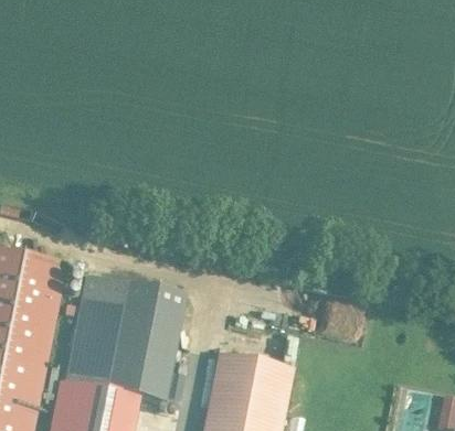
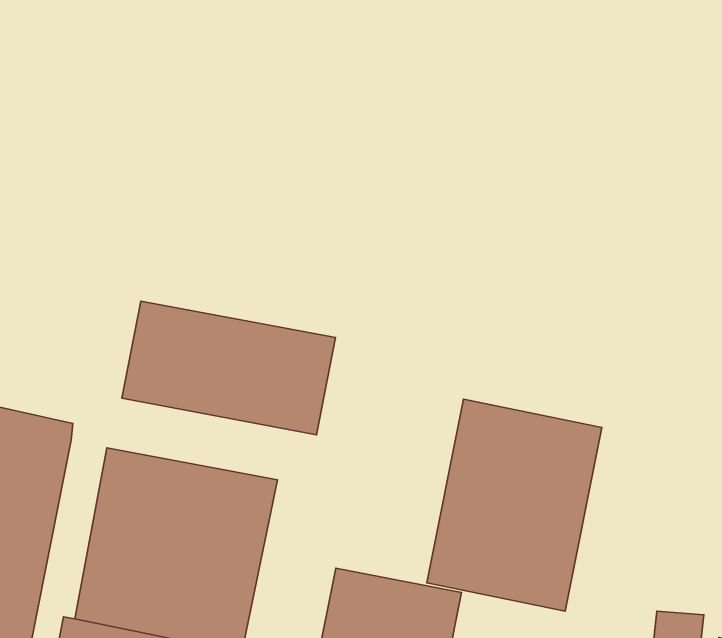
building: none -> [122,301,335,435]
building: none -> [427,399,602,611]

